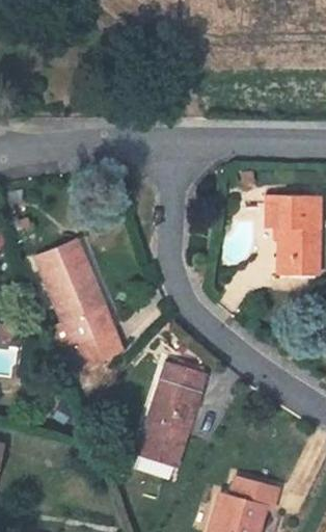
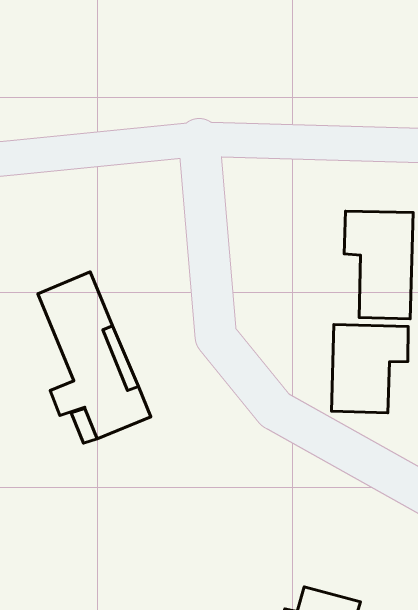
building: none -> [332,324,408,413]
building: [136,363,206,466] -> none

